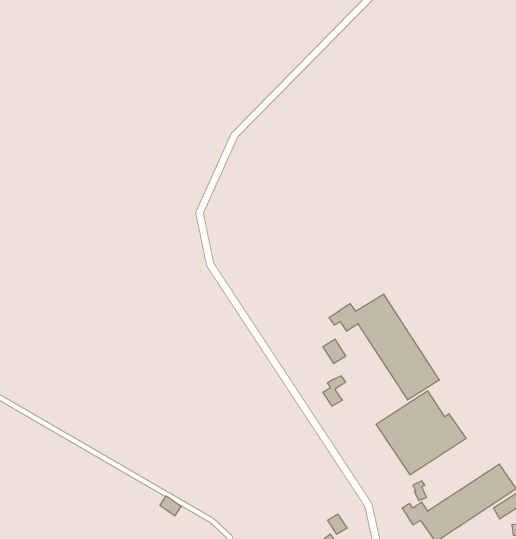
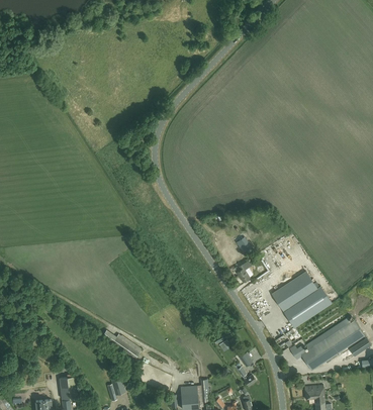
building: [329,294,439,400] -> none

